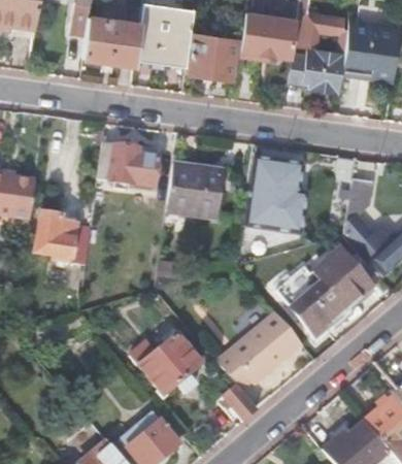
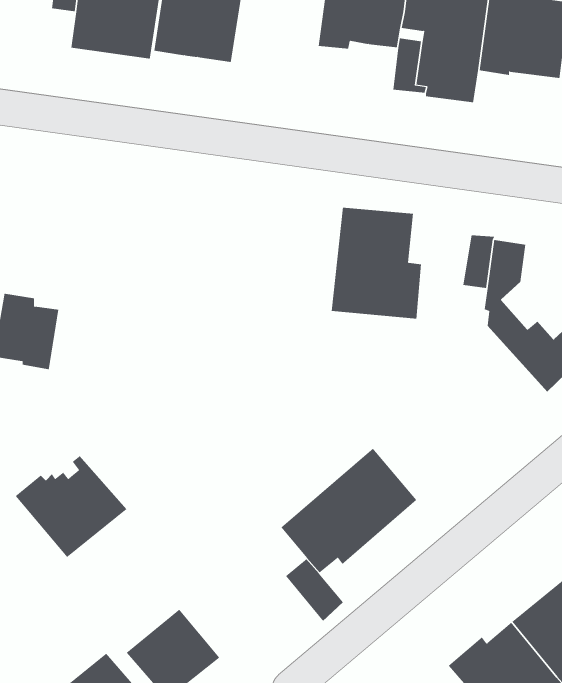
building: [190,34,239,78] -> none
building: [98,141,160,186] -> none
building: [167,164,225,221] -> none
building: [278,247,373,334] -> none
building: [131,329,202,394] -> [15,455,127,558]

